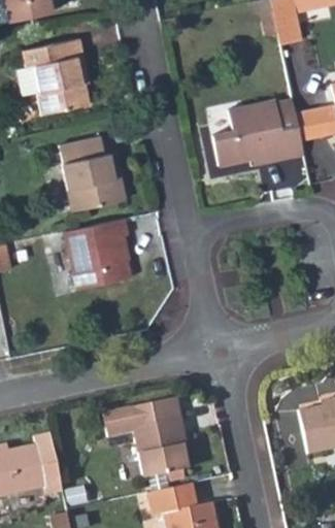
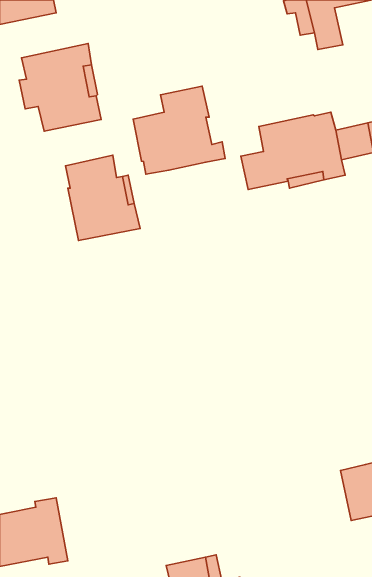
building: none -> [133,86,225,174]
building: [65,219,131,288] -> none
building: [105,398,188,475] -> none

